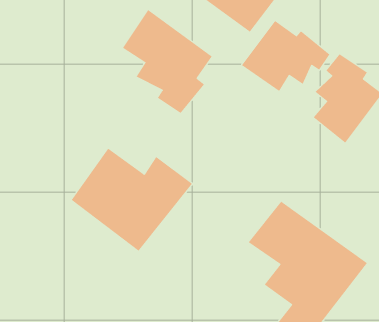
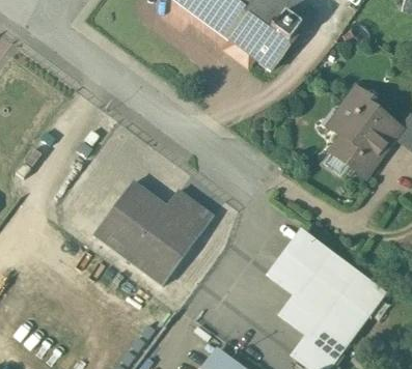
building: [122,9,213,114] -> none
building: [241,20,330,92] -> none

